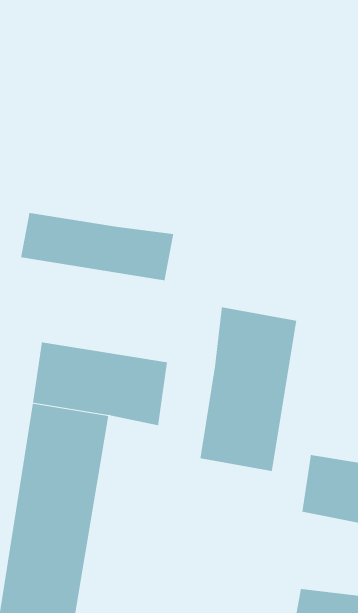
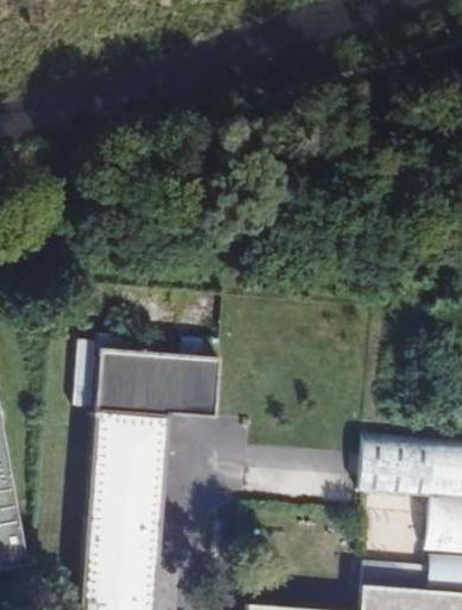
building: [21,212,174,281] -> none
building: [200,307,297,472] -> none

